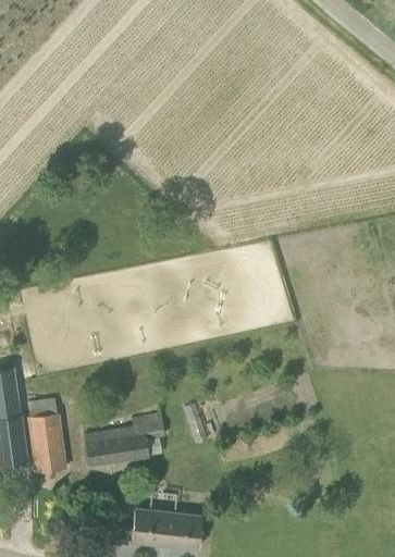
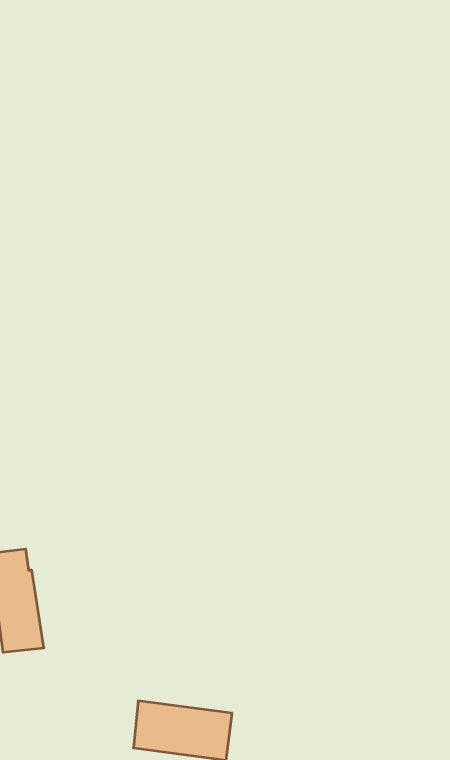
building: [84,414,164,466] -> none

